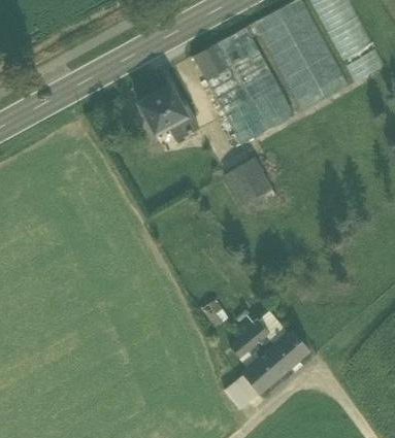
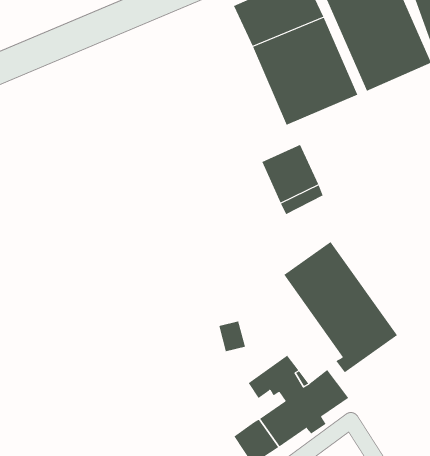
building: [137,86,198,140] -> none
building: none -> [284,241,398,373]

